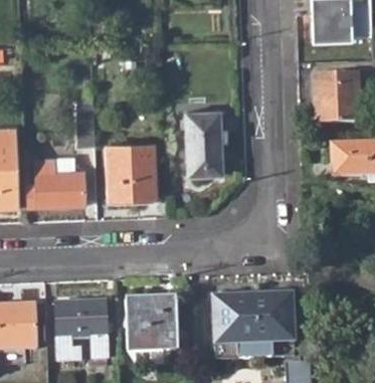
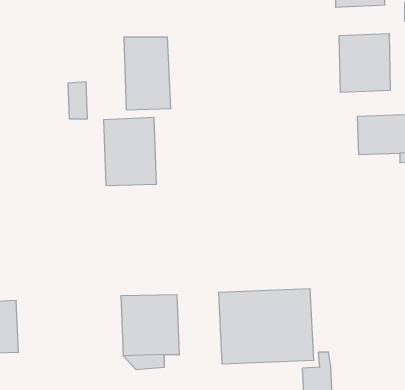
building: [186,112,227,175] -> [124,37,171,110]
building: [26,156,86,205] -> none
building: [53,299,105,362] -> none

